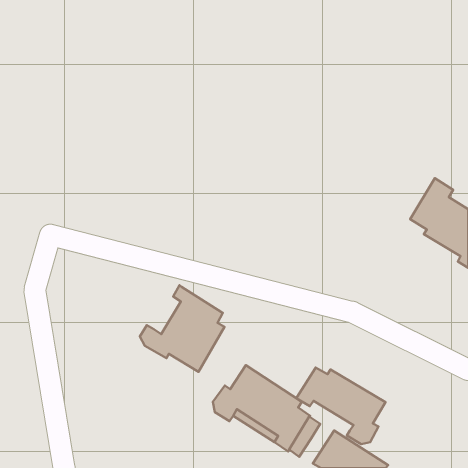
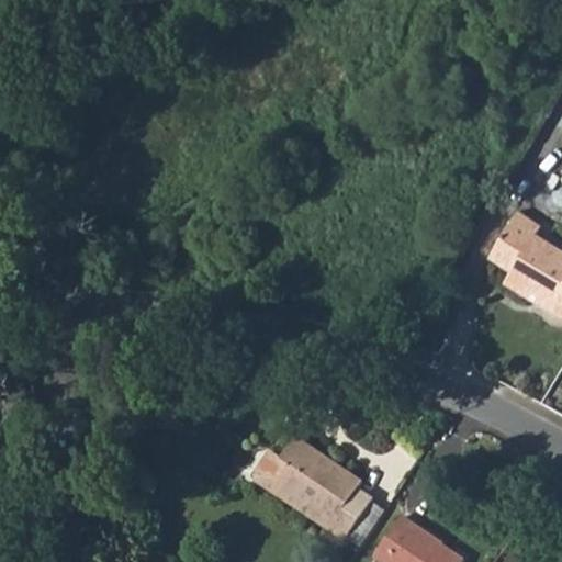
building: [140,285,225,372] -> none
building: [296,367,385,444] -> none

